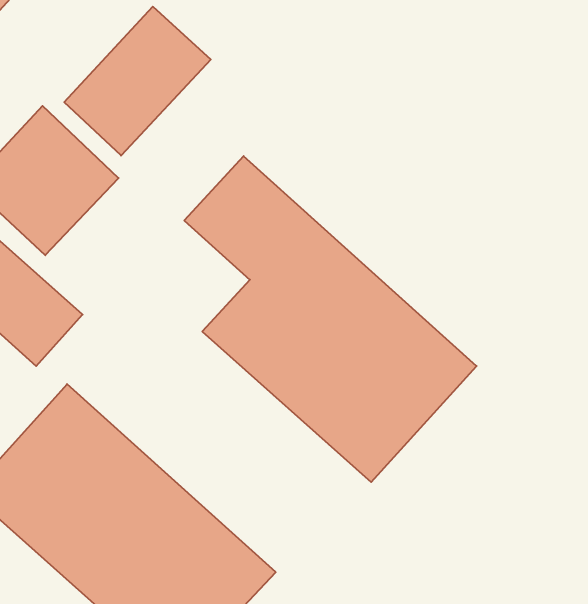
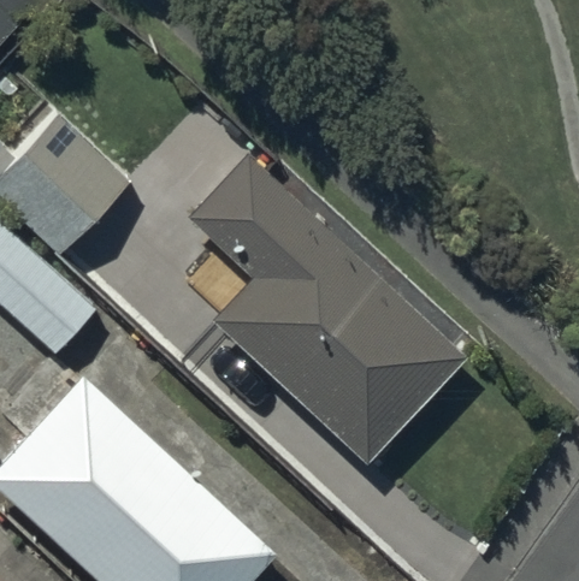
building: [64,7,211,156] -> none

